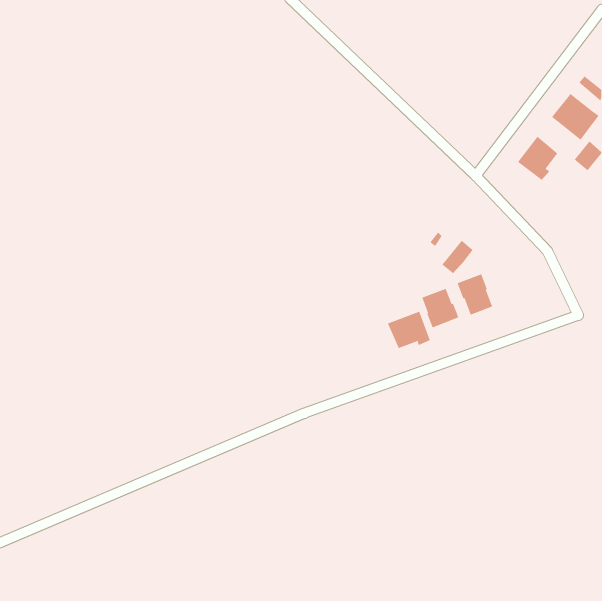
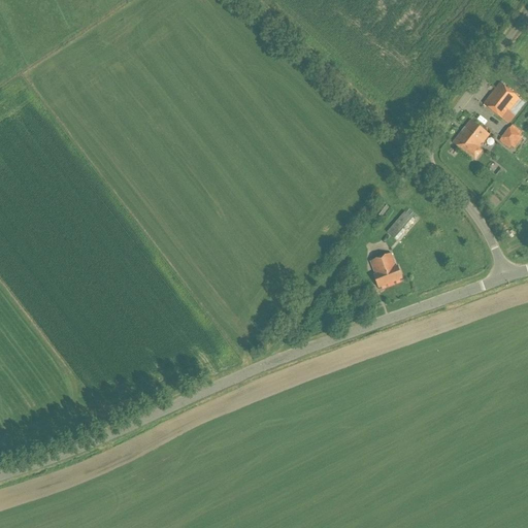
building: [457,273,493,315] -> none
building: [387,311,431,349] -> none

